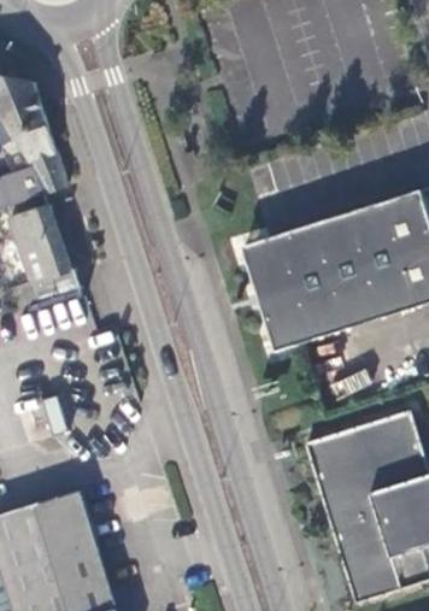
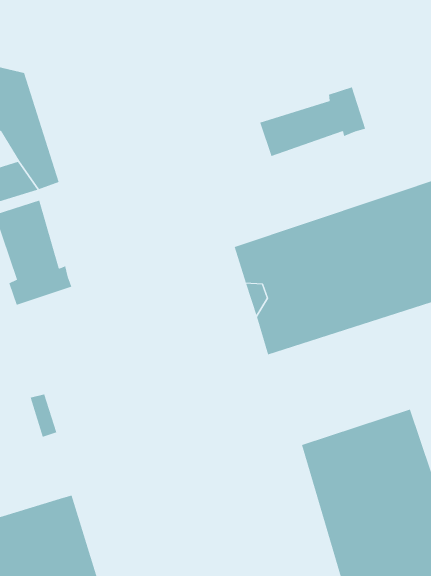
building: none -> [259,87,366,157]

